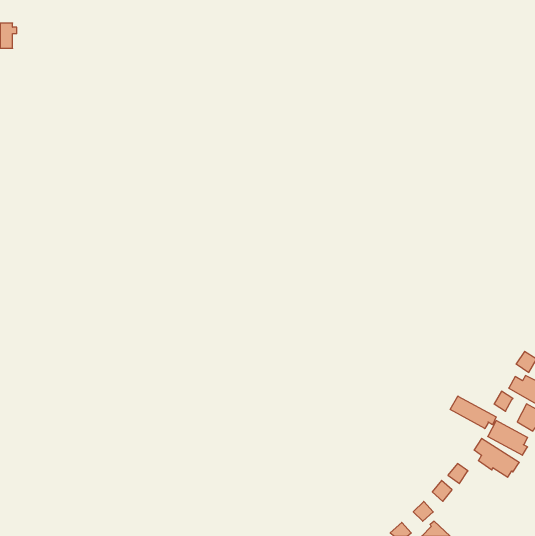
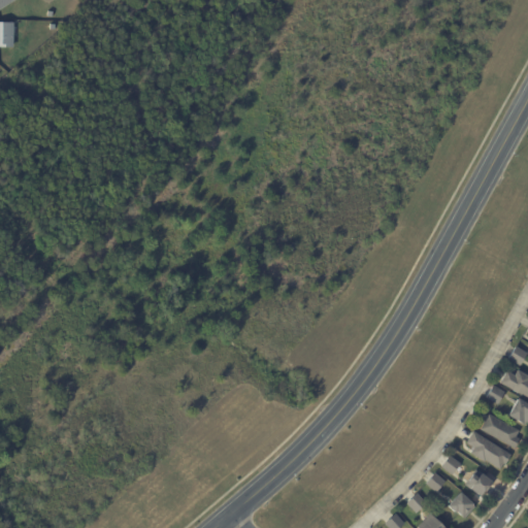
building: [450,396,496,429] -> none
building: none -> [465,469,494,496]
building: none -> [449,491,476,519]

